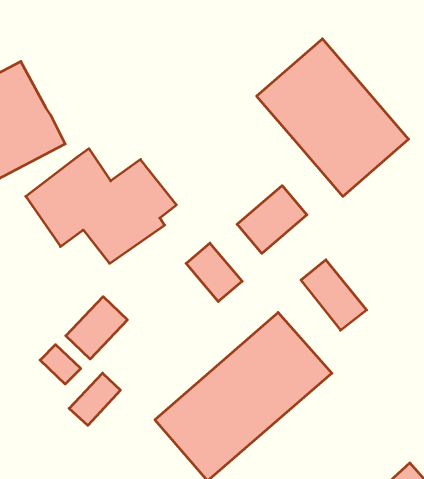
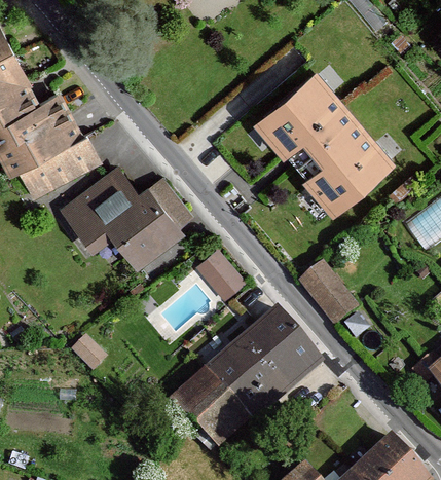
building: [237,186,307,253] -> none
building: [66,297,127,359] -> none
building: [69,373,120,425] -> none

